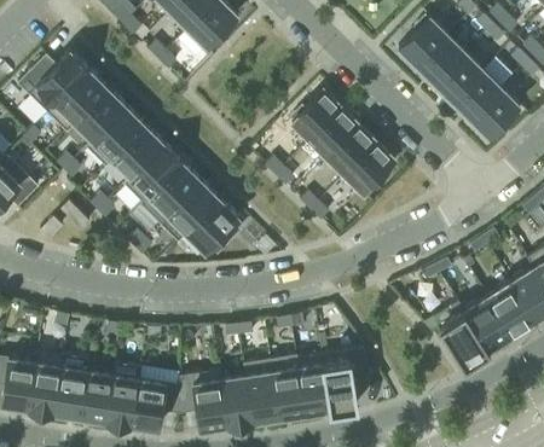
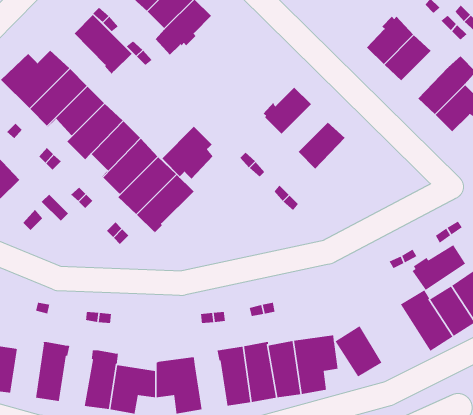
building: none -> [74,14,132,75]
building: [434,54,482,104] -> none
building: [309,110,358,159] -> none
building: [345,145,394,196] -> none
building: [185,201,239,256] -> [161,126,214,179]
building: none -> [411,244,466,291]
building: none -> [335,325,383,378]
building: [28,355,62,416] -> none
building: [79,372,112,424] -> none
building: [220,377,253,428] -> none

